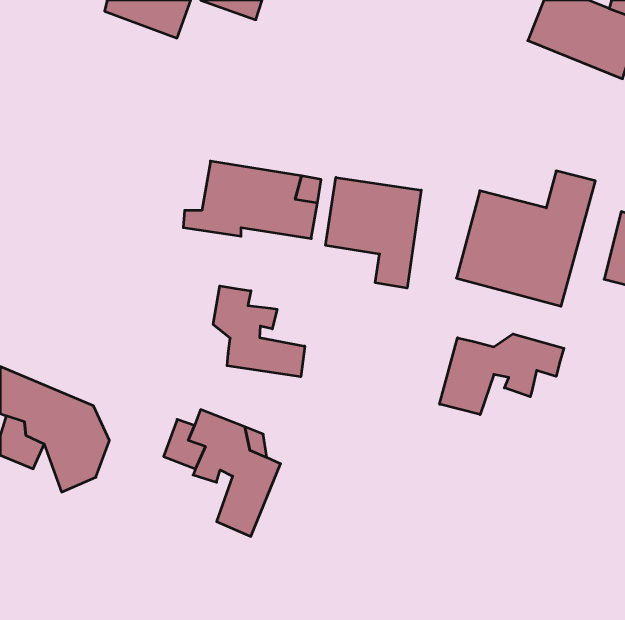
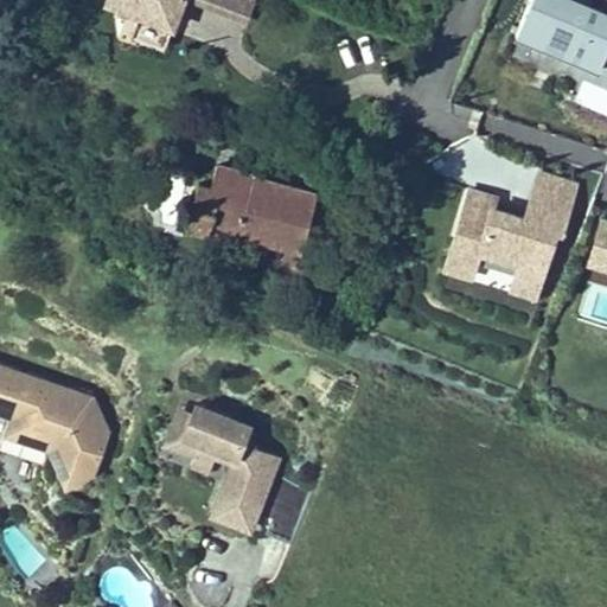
building: [326,177,421,288] -> none
building: [213,286,305,377] -> none
building: [440,334,564,415] -> none

